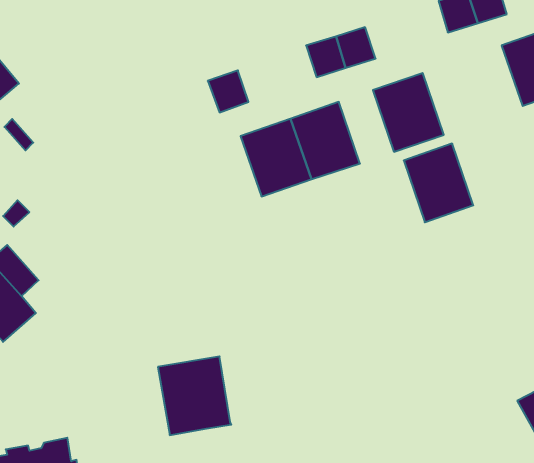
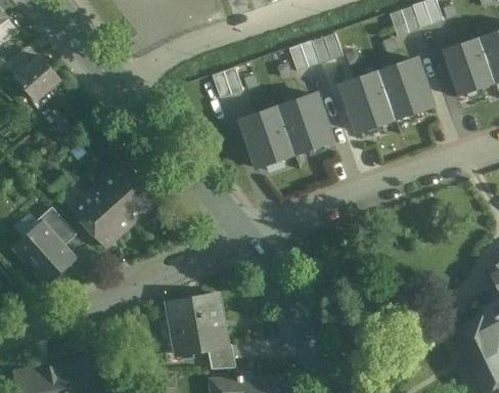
building: [404,144,473,222] -> [376,58,430,120]
building: none -> [74,162,160,247]
building: none -> [208,343,236,367]

